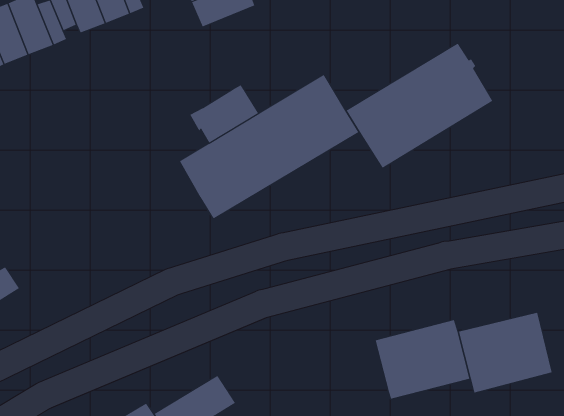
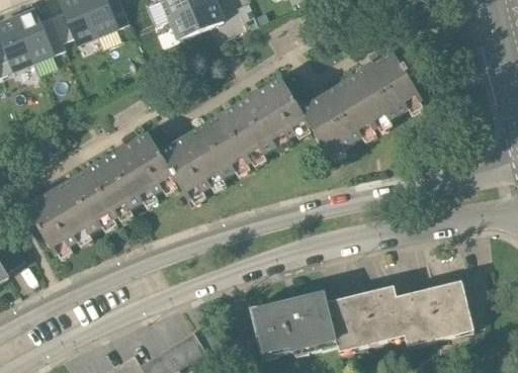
building: [189,84,259,143] -> none
building: none -> [25,132,176,255]
building: none -> [245,288,334,356]

